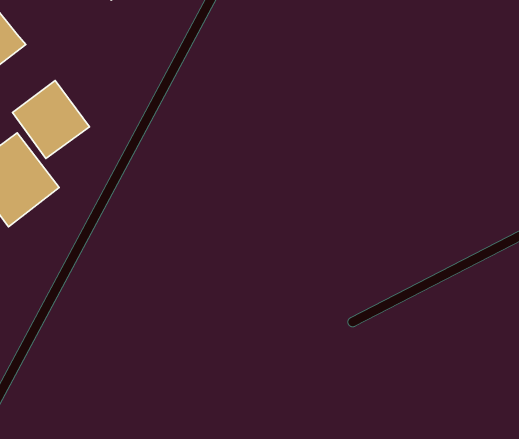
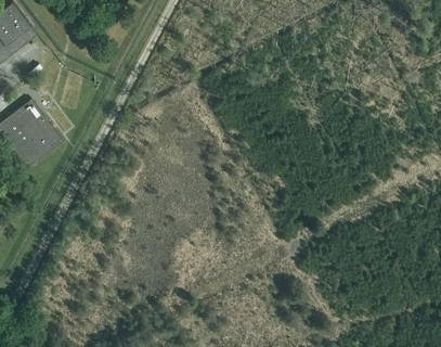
building: [12,81,90,158] -> none

